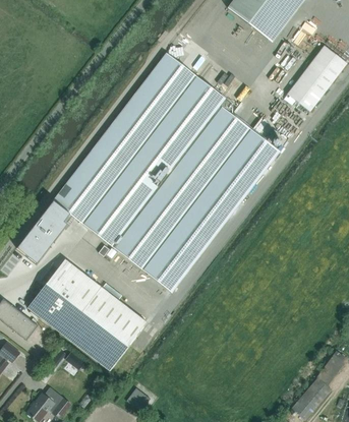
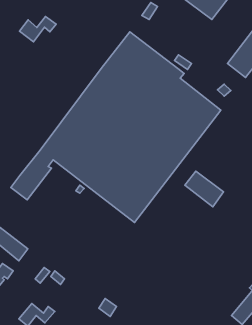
building: none -> [19,16,56,42]
building: none -> [185,171,223,207]
building: [30,259,147,370] -> none

